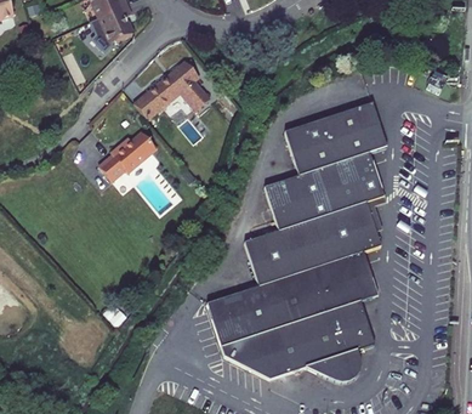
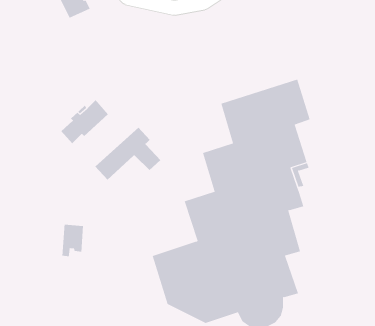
building: [138,56,214,117] -> [95,127,161,181]
building: none -> [62,224,83,257]

